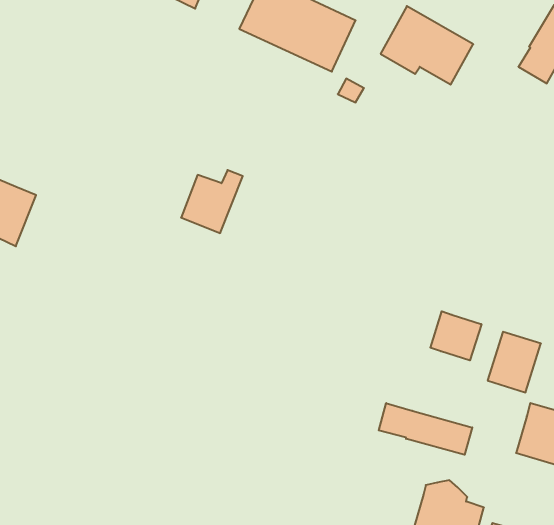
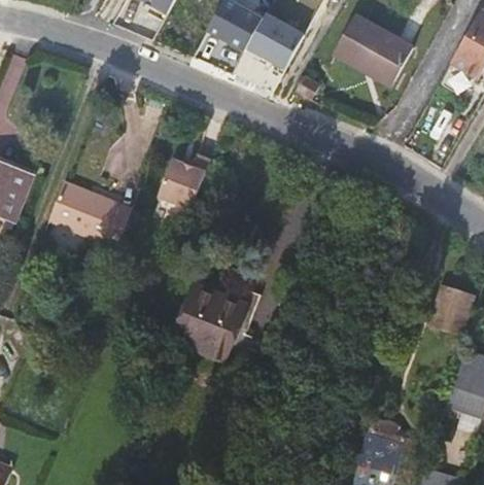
building: none -> [45,185,130,251]
building: [430,311,481,360] -> none
building: none -> [174,283,281,358]
building: [379,403,472,455] -> none

